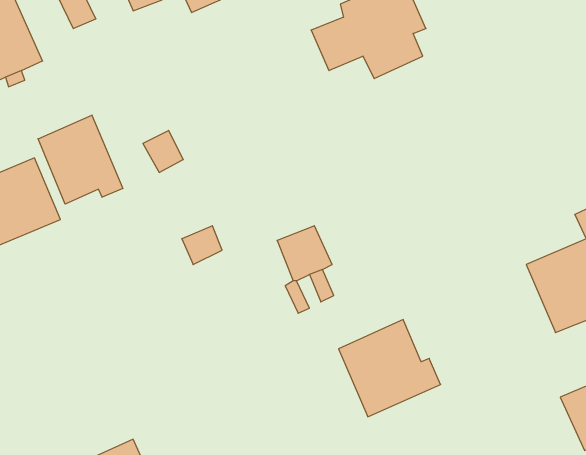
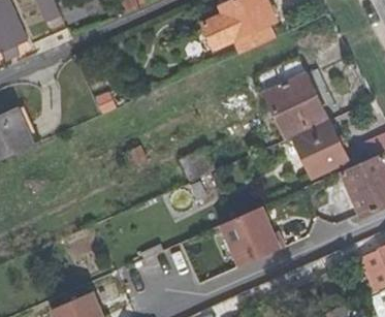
building: none -> [255,59,323,135]
building: [38,115,123,204] -> none
building: none -> [293,124,343,176]

